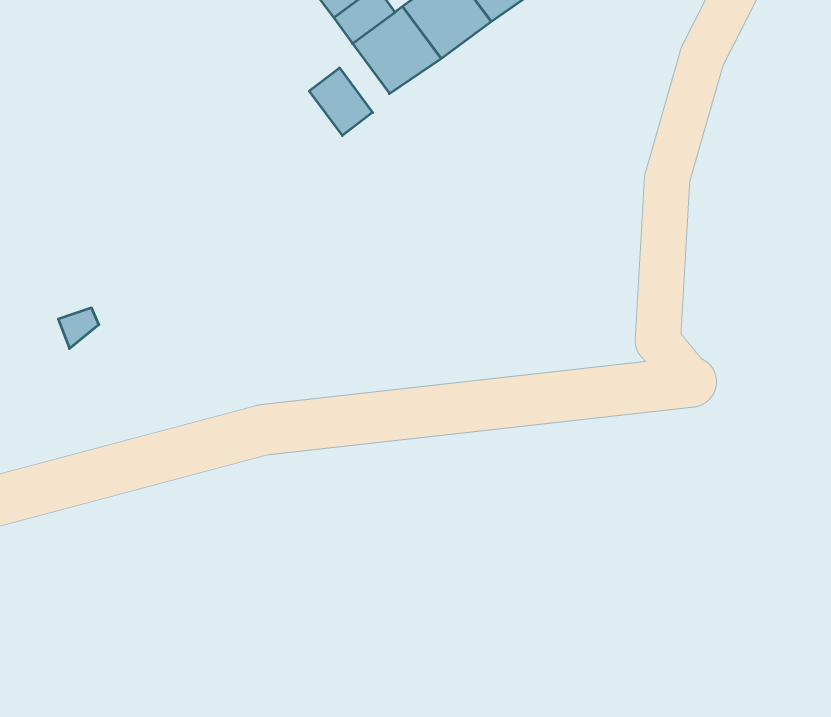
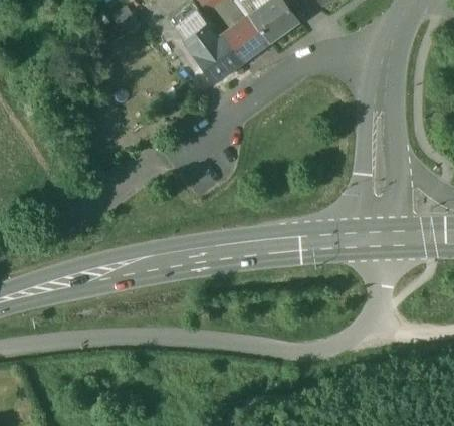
building: [309,68,373,136] -> none

